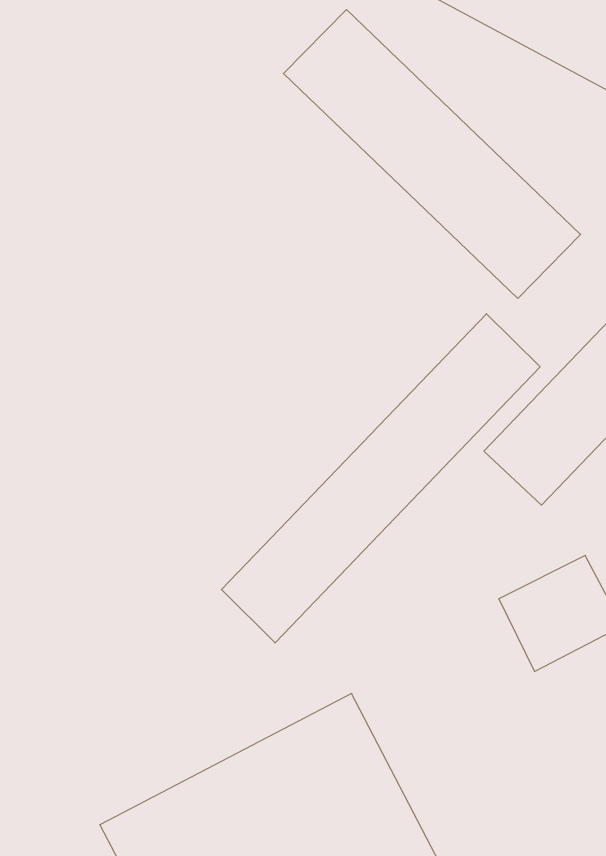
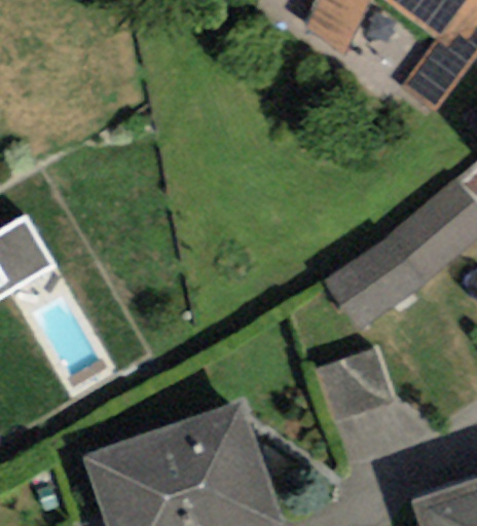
building: [283,10,581,298] -> none
building: [221,314,540,643] -> none

